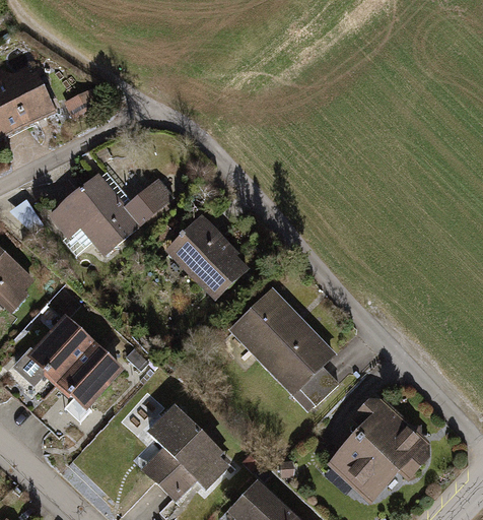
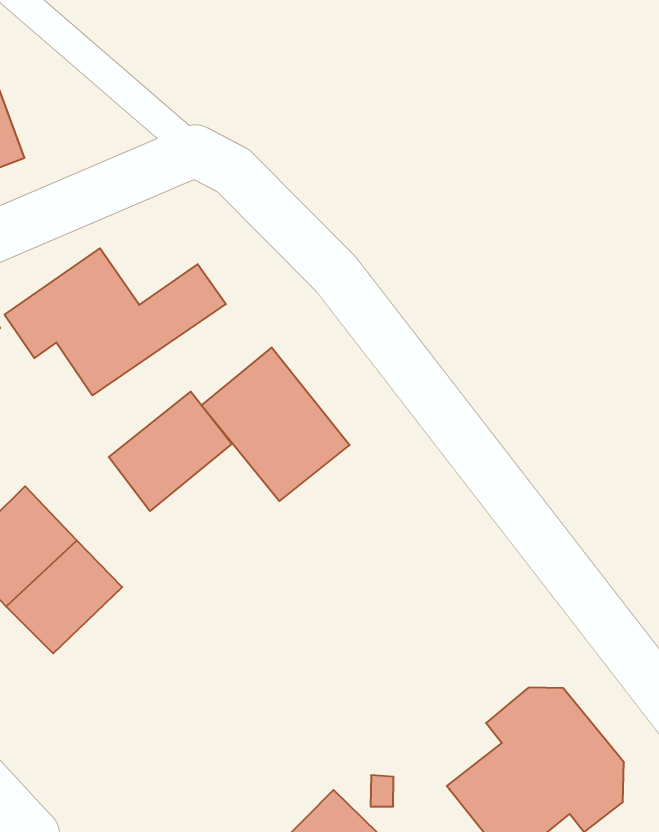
building: none -> [109,392,232,511]
building: [227,291,340,416] -> none
building: [120,384,231,501] -> none

